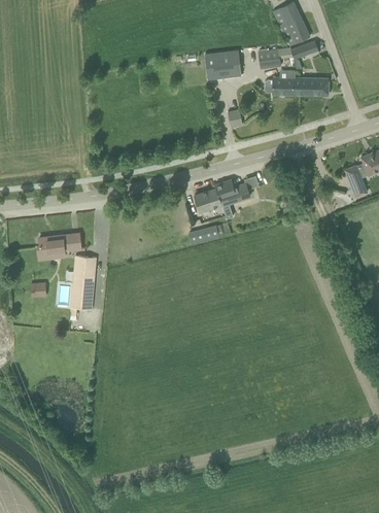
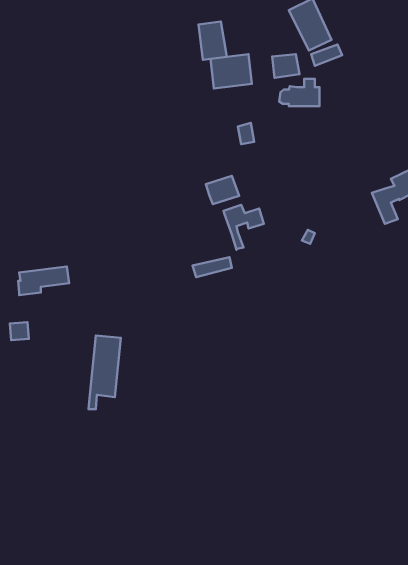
building: none -> [198,21,227,60]
building: [300,77,329,95] -> none
building: [195,187,223,212] -> [206,176,239,204]
building: [70,255,98,319] -> [89,336,121,409]

